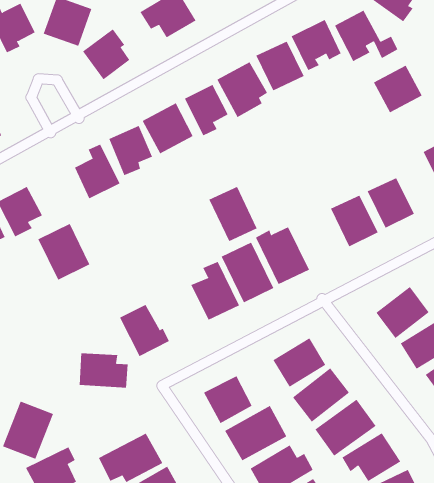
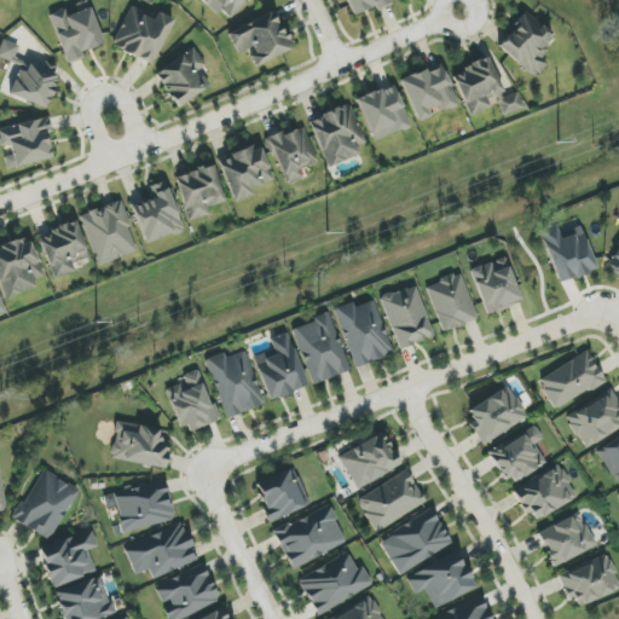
building: [373,65,422,113] -> none
building: [209,186,258,242] -> [381,284,434,348]
building: [38,223,90,281] -> [81,199,139,265]
building: none -> [206,349,266,417]
building: none -> [114,479,177,532]

